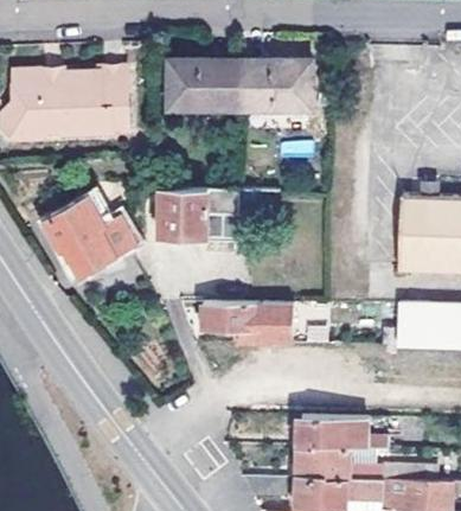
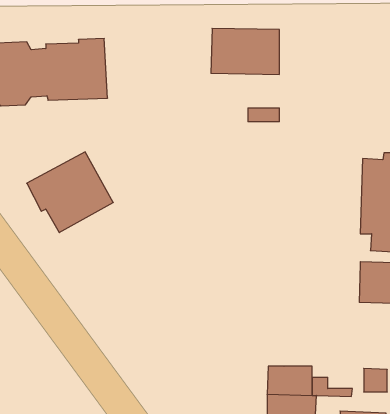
building: [168,59,241,107] -> none
building: [161,189,250,239] -> none
building: [198,305,286,346] -> none

